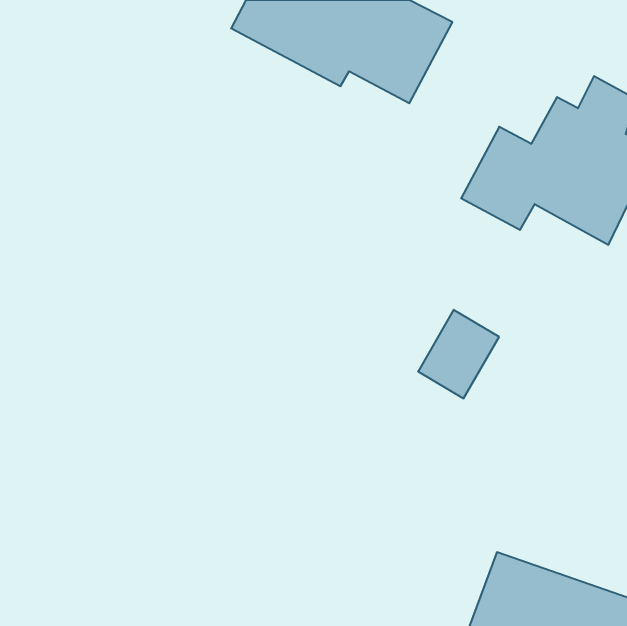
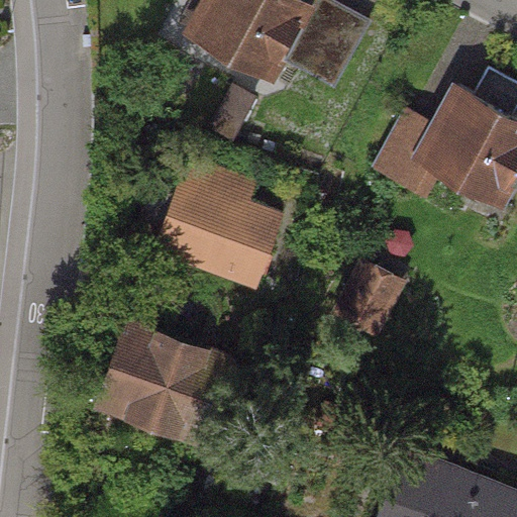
building: none -> [149,183,274,285]
building: none -> [83,321,226,444]

